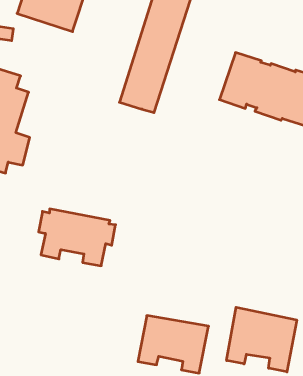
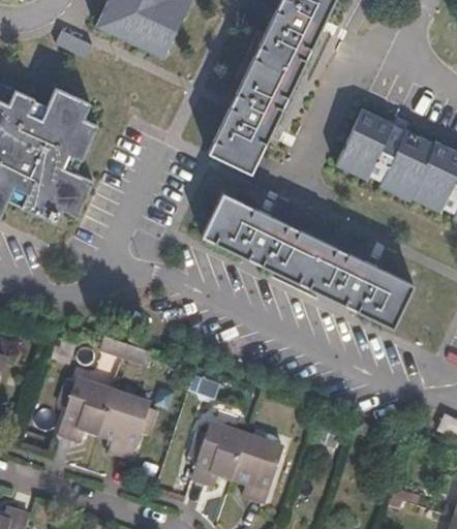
building: none -> [203,193,413,325]
building: [39,209,116,266] -> [57,378,155,458]
building: [227,307,297,372] -> none

